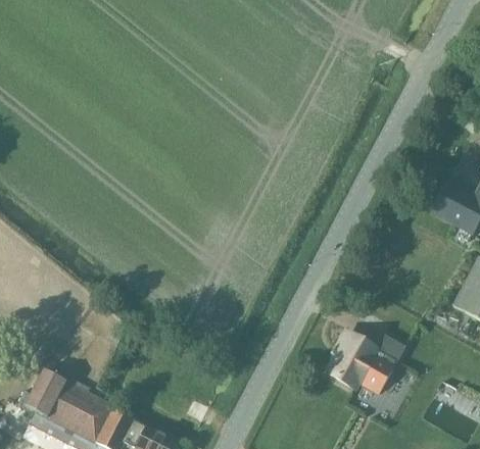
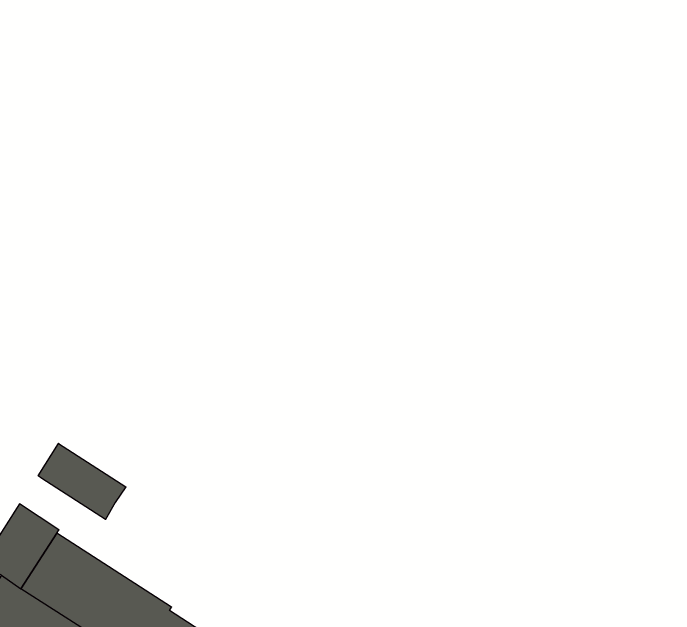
building: none -> [38,443,126,519]
building: [329,333,406,392] -> none

